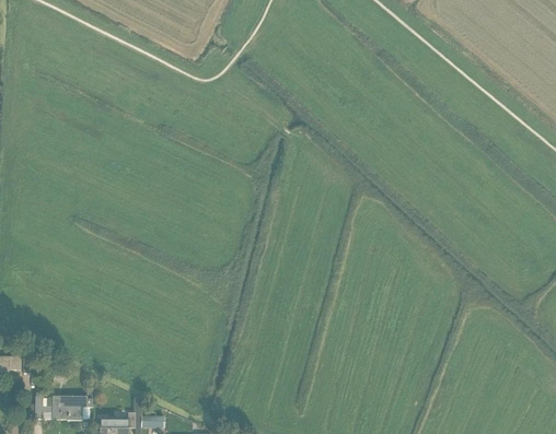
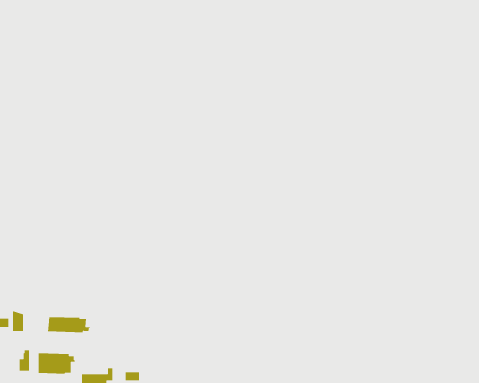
building: none -> [47,316,91,333]

